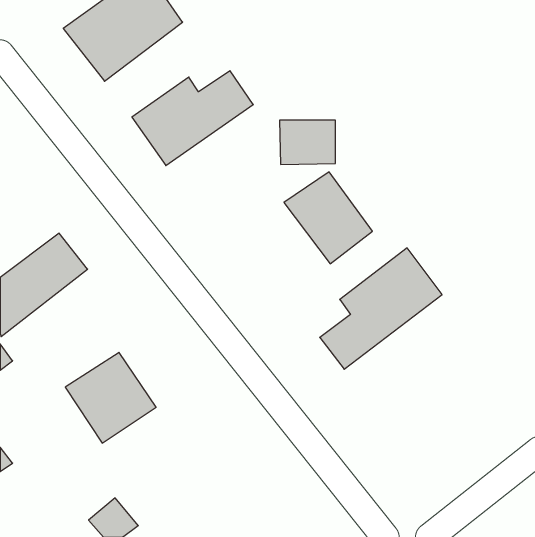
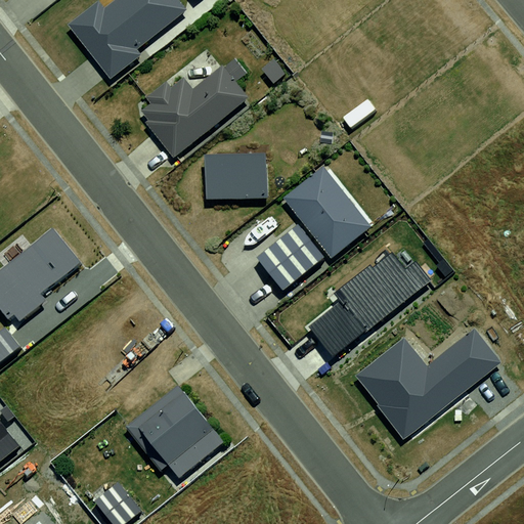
building: [280,120,335,164] -> [208,149,262,192]
building: none -> [249,232,314,296]
building: none -> [352,328,499,431]
building: [65,352,156,443] -> [138,387,226,475]

